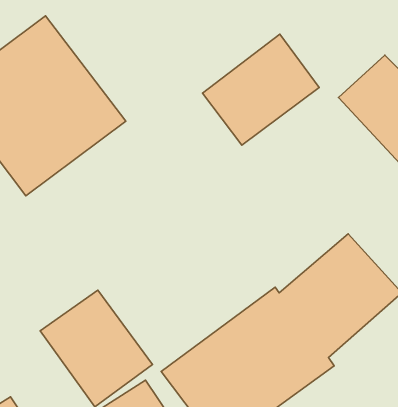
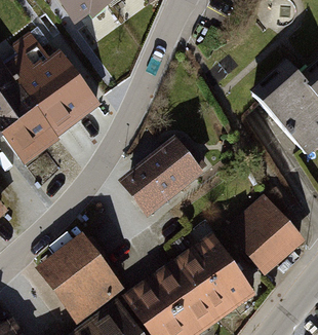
building: [202,34,319,145] -> [120,135,205,216]

